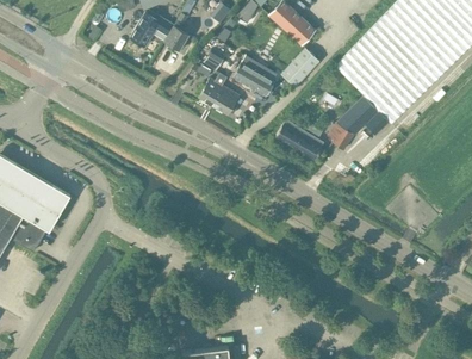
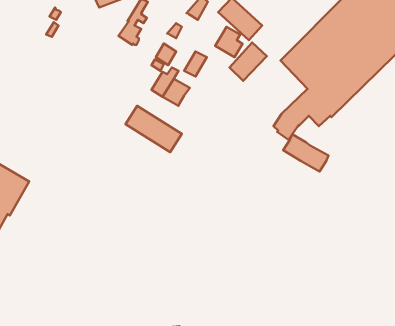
building: [130,12,174,47] -> none
building: [244,63,273,95] -> [215,27,242,57]
building: none -> [125,106,182,152]
building: [275,119,323,159] -> [283,134,328,171]

